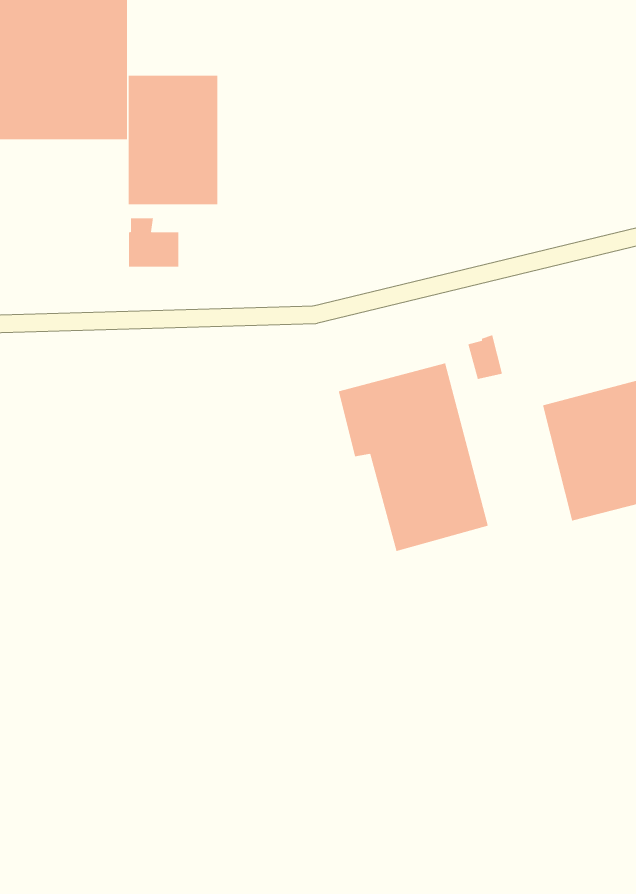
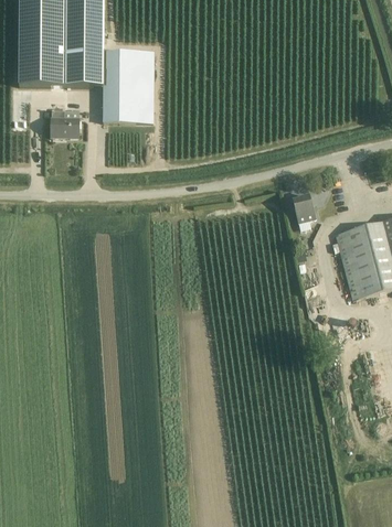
building: [128,218,179,267] -> [50,108,78,136]
building: [338,363,489,552] -> none

